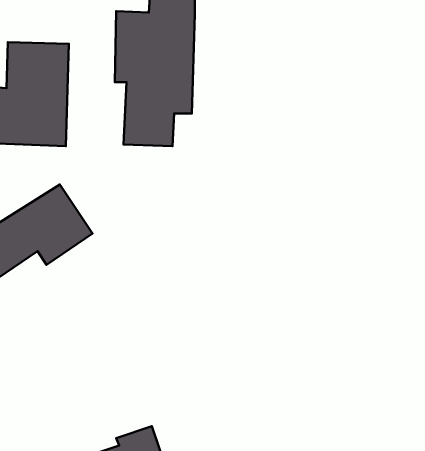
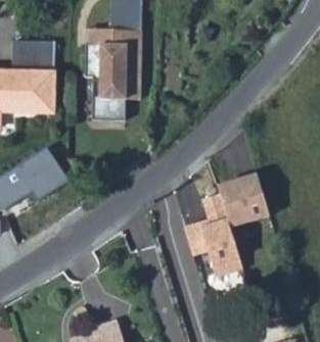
building: none -> [188,173,275,278]

